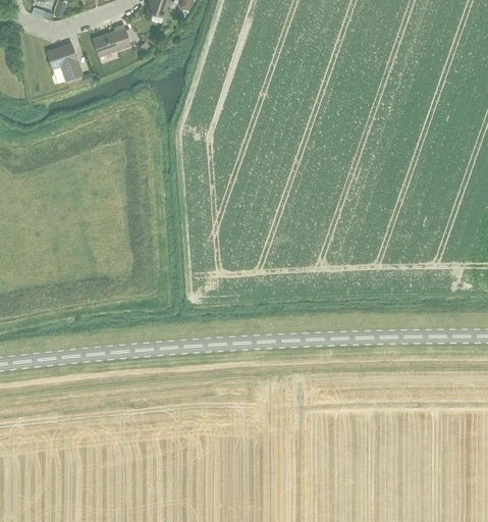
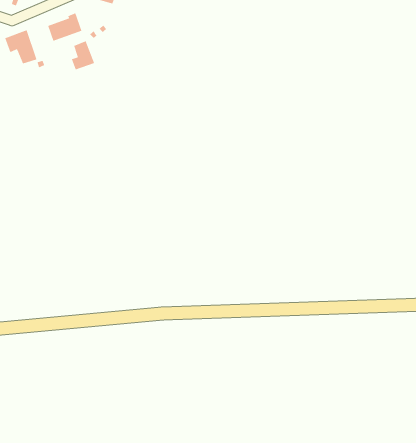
building: none -> [71,40,95,71]

